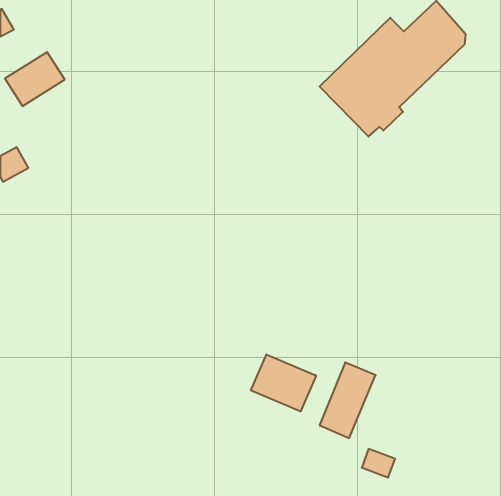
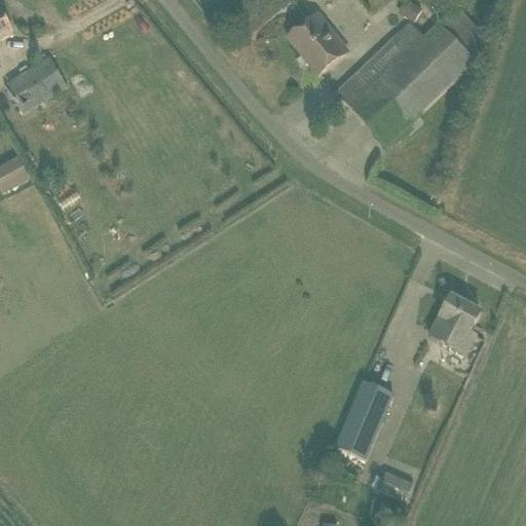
building: none -> [288,11,349,73]
building: none -> [429,294,481,354]
building: [251,354,316,411] -> none

